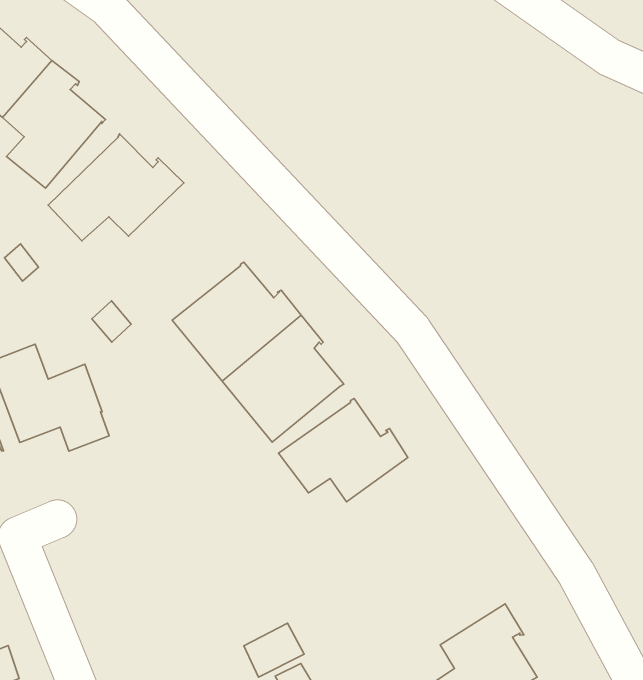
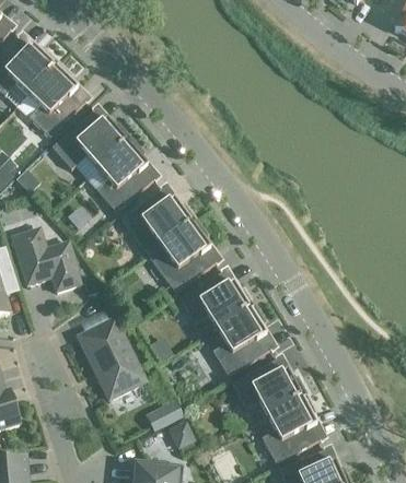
building: none -> [96,139,156,213]
building: none -> [212,306,274,376]
building: none -> [78,319,146,399]
building: none -> [232,357,306,416]

